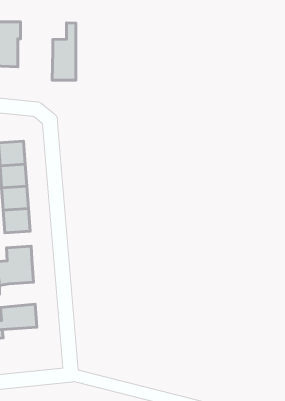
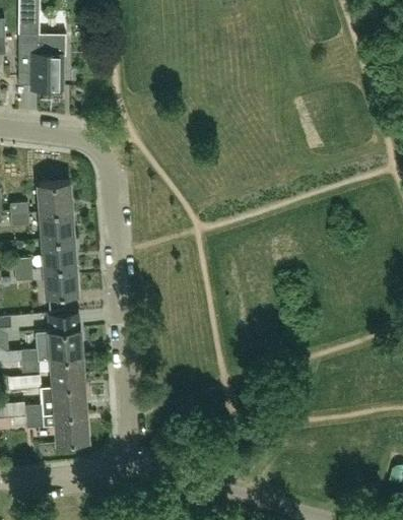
building: [52,23,76,80] -> none
building: none -> [51,358,83,388]
building: none -> [55,413,87,444]

